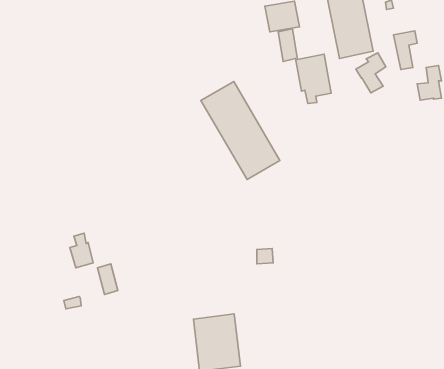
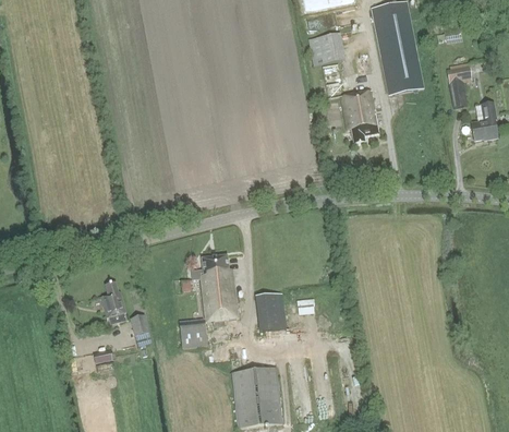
building: [356,53,386,93] -> none
building: [201,82,280,180] -> none
building: none -> [180,254,239,347]
building: none -> [255,292,286,329]

